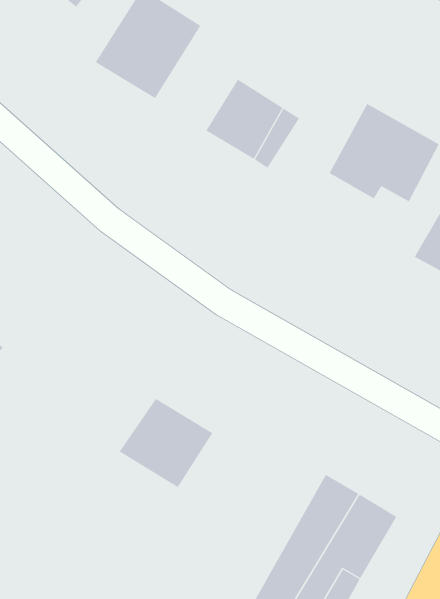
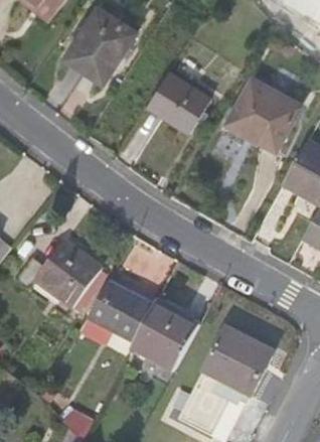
building: none -> [16,244,102,318]
building: none -> [123,300,199,375]

